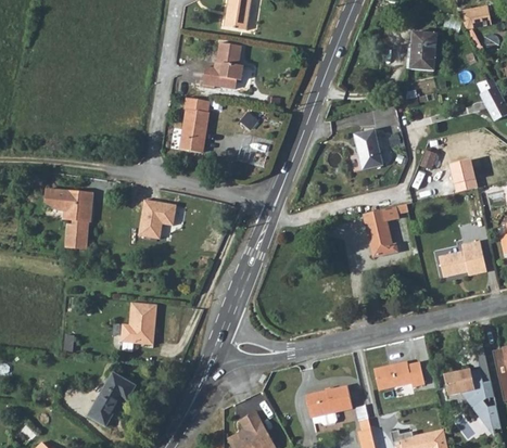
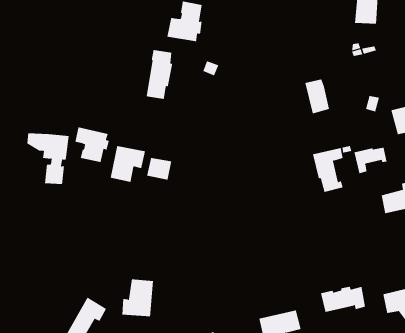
building: none -> [75,126,109,163]
building: none -> [354,147,387,174]
building: none -> [147,157,172,180]
building: [121,300,156,343] -> [121,279,154,317]

